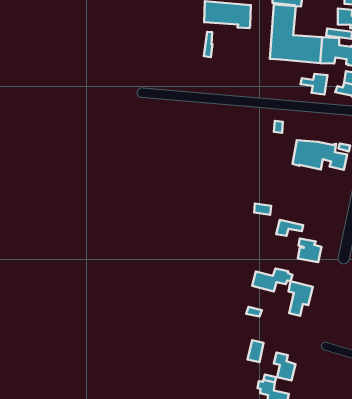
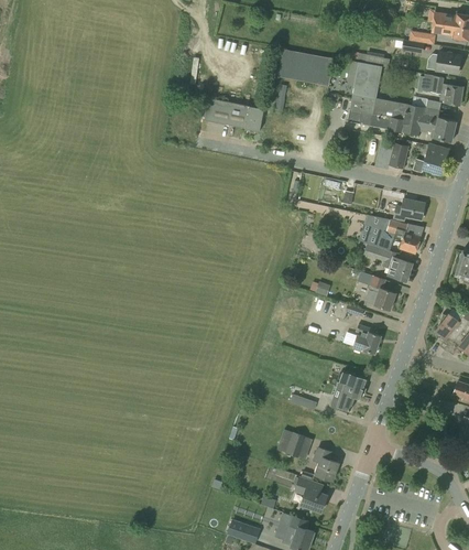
building: none -> [204,98,263,131]
building: none -> [393,199,425,222]
building: none -> [363,242,412,281]
building: none -> [358,271,395,310]
building: [252,268,292,292] -> none

